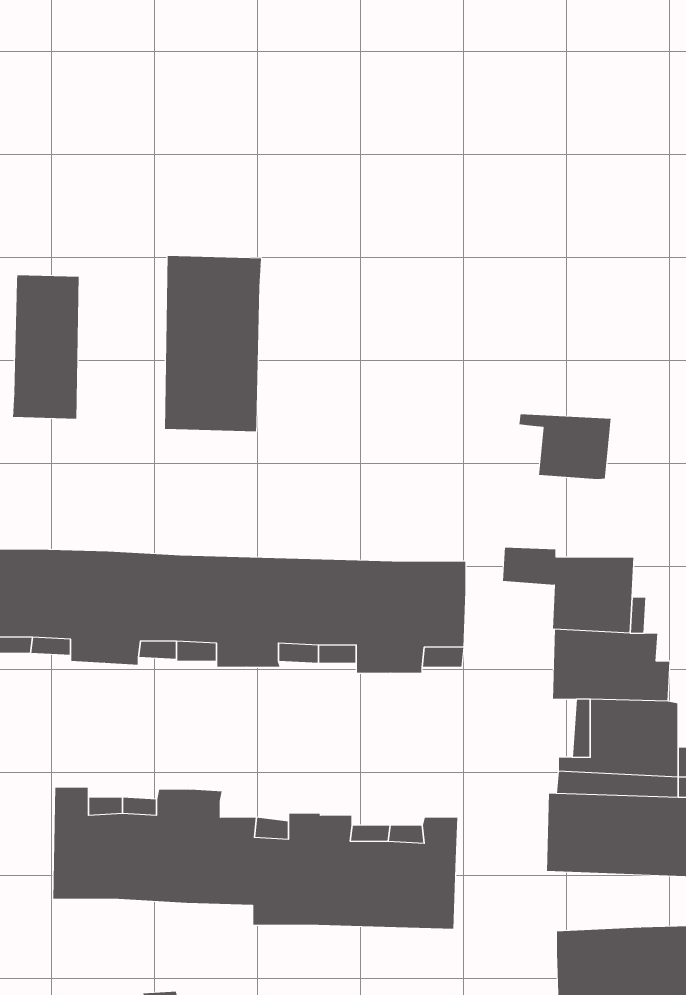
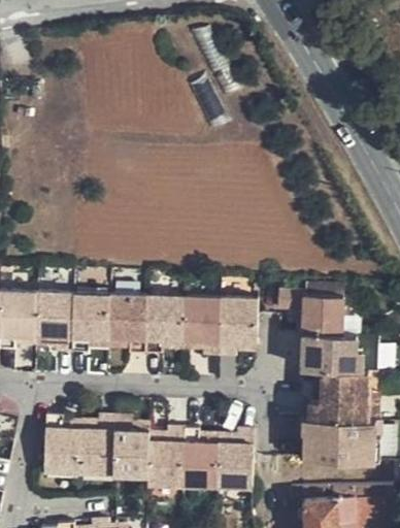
building: [164,255,261,432] -> none
building: [13,274,79,419] -> none
building: [519,413,611,480] -> none

